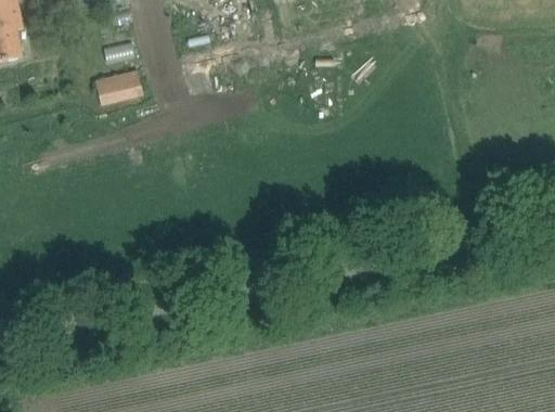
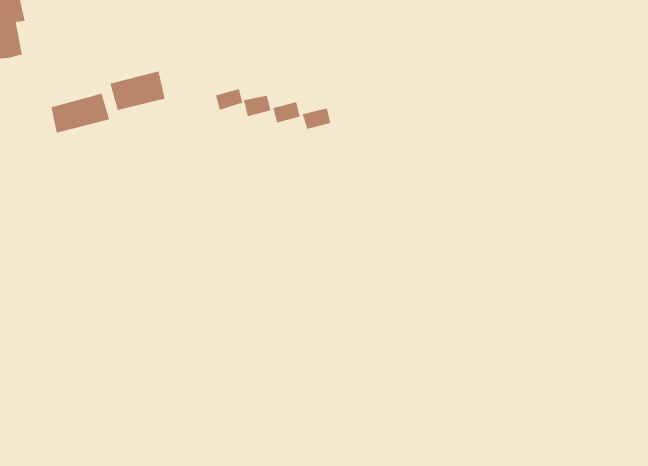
building: none -> [51,93,110,133]

